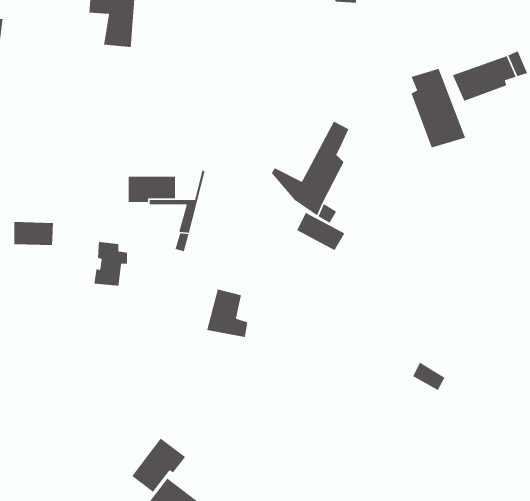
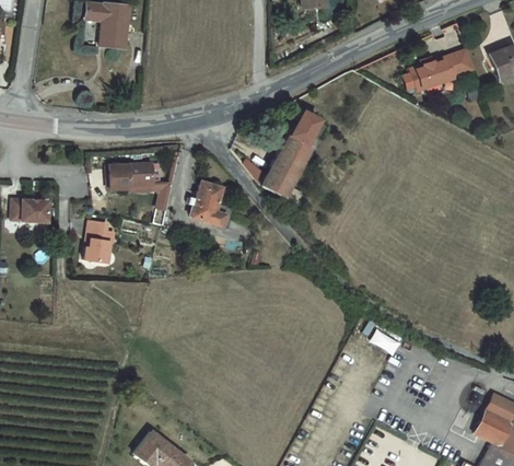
building: [411,68,466,148] -> none
building: [296,212,345,251] -> none
building: [206,289,248,338] -> [190,185,227,229]
building: [131,437,186,493] -> none

